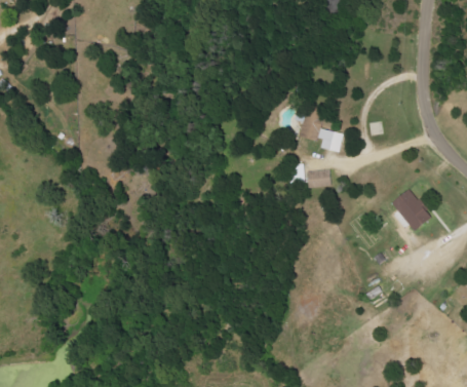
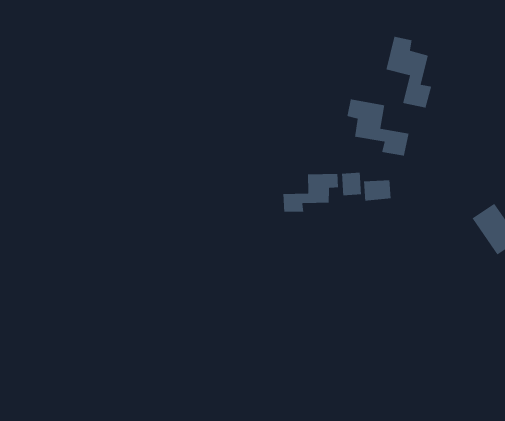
building: none -> [386,36,432,108]
building: none -> [282,173,339,213]

